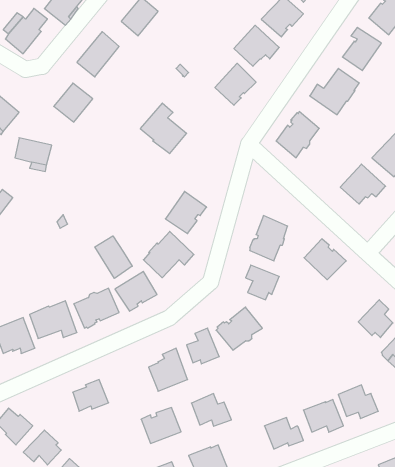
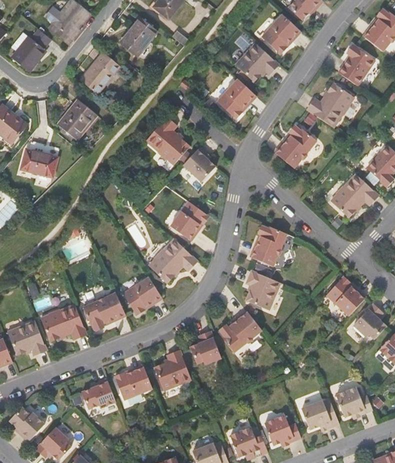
building: none -> [182,146,215,181]
building: [95,236,132,278] -> none
building: [304,239,346,280] -> [325,276,365,315]
building: [191,394,231,426] -> [229,427,267,458]
building: [141,408,181,443] -> [113,365,151,399]

